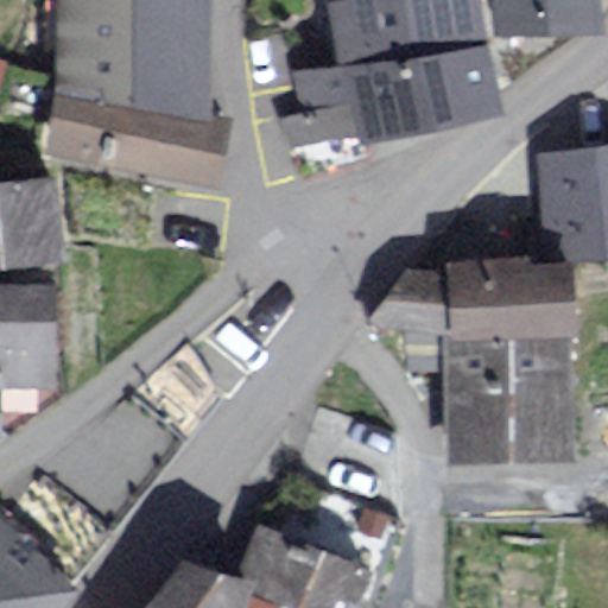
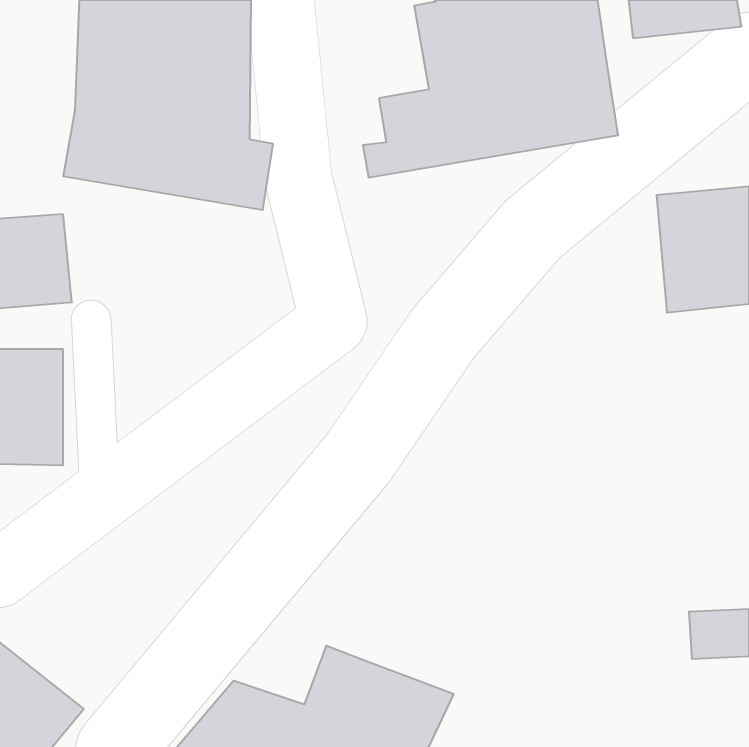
building: [386,273,574,458] -> none

